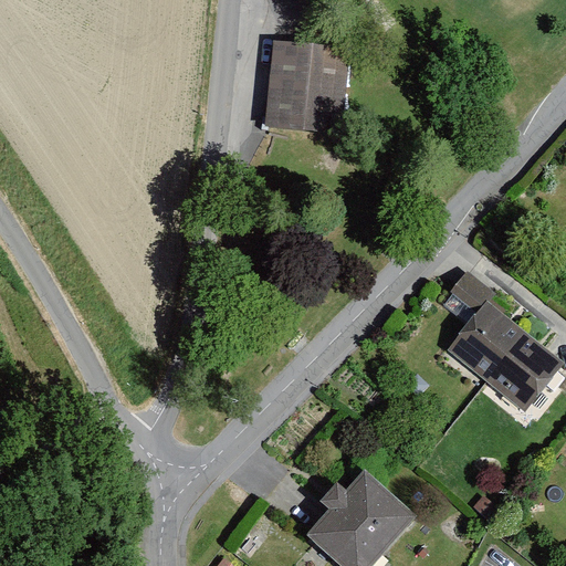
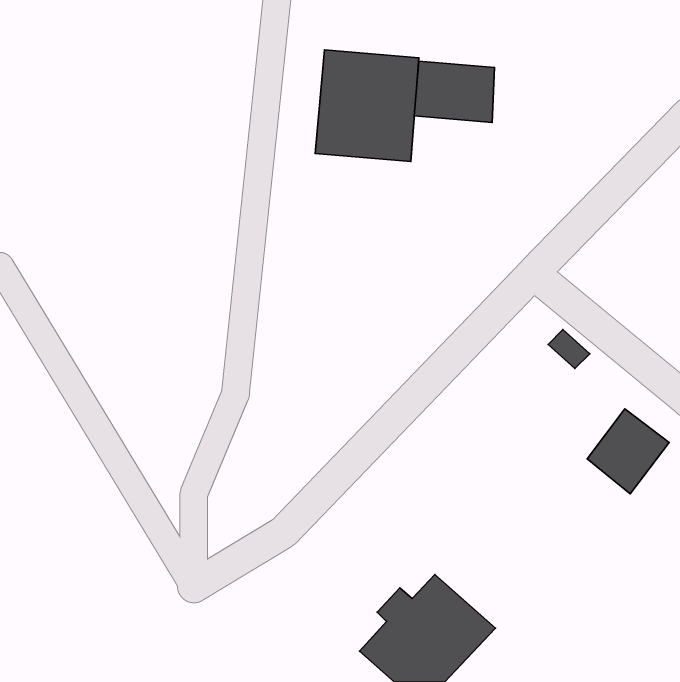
building: none -> [414,61,495,122]
building: [450,307,520,377] -> none

